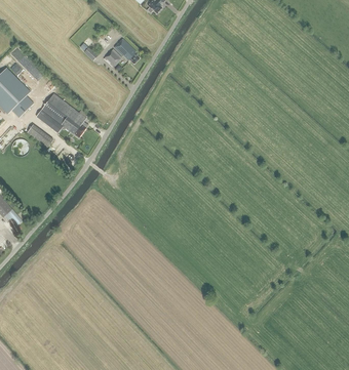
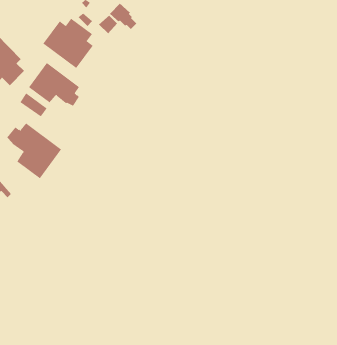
building: none -> [42,18,94,69]
building: none -> [7,123,62,179]

